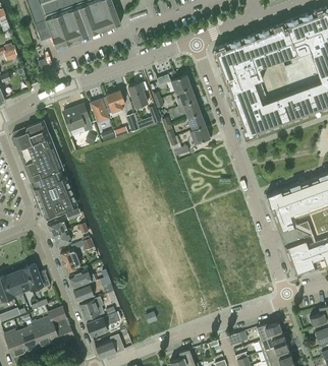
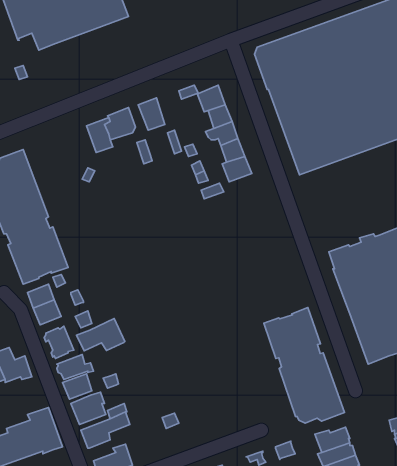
building: [64,104,93,131] -> none
building: none -> [264,308,345,423]
building: none -> [76,318,125,351]

